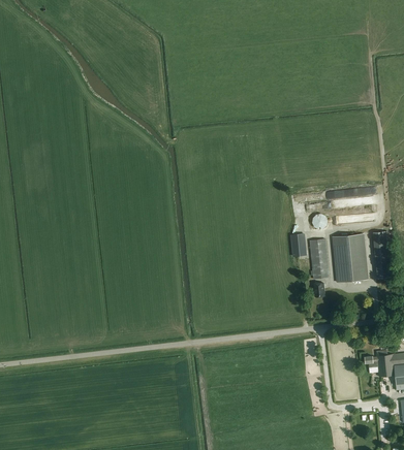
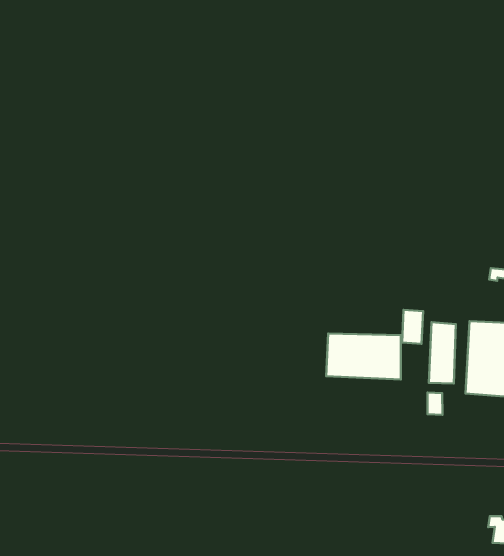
building: none -> [326,333,401,380]

